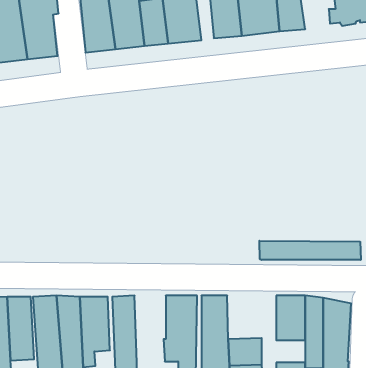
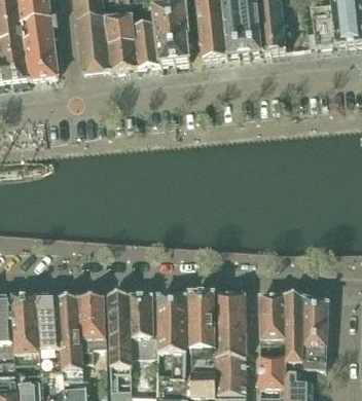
building: [259,241,361,260] -> none
building: none -> [128,293,155,355]
building: none -> [213,293,245,333]

